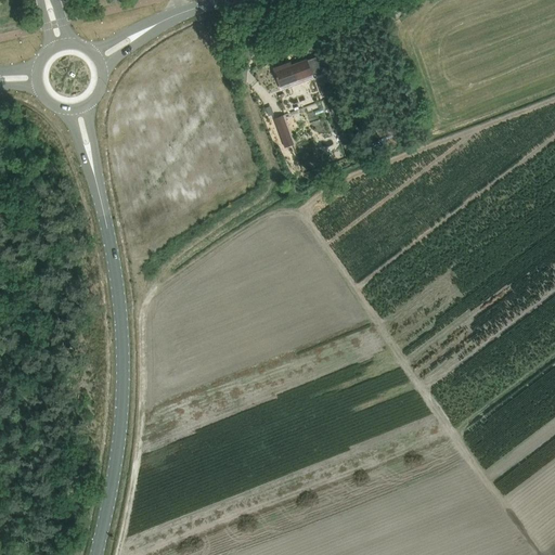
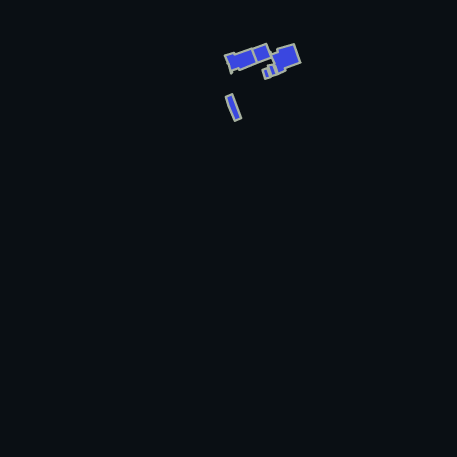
building: none -> [269,44,300,74]

